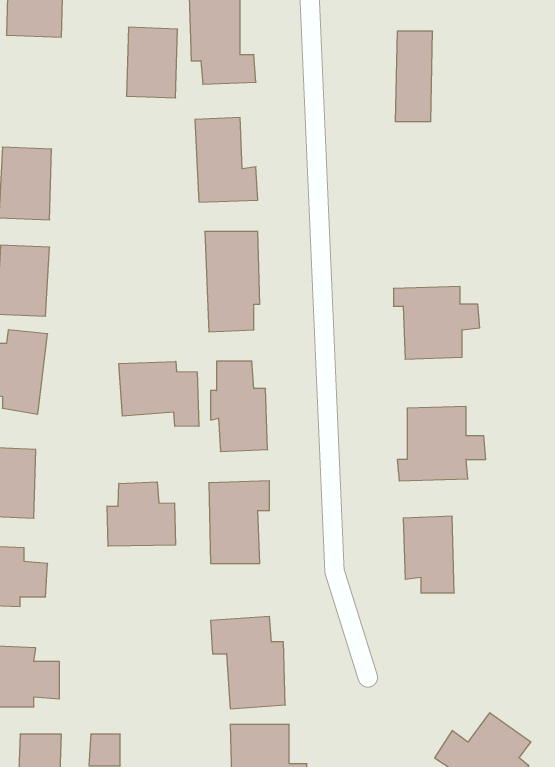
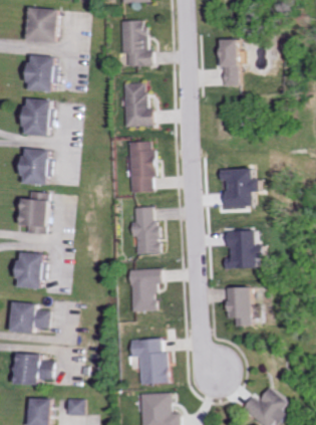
building: [126,27,178,98] -> [25,54,51,90]
building: [119,361,199,426] -> none
building: [107,482,175,546] -> none

